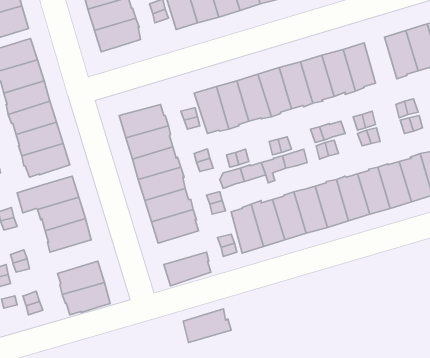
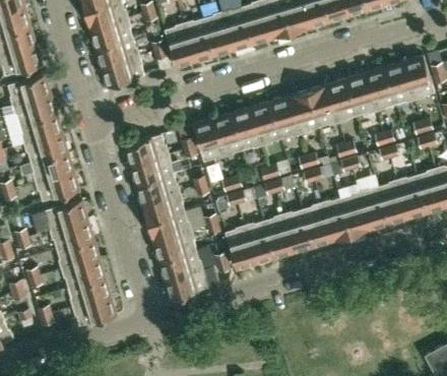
building: none -> [346,73,376,115]
building: none -> [61,257,105,288]
building: [183,309,231,342] -> [159,249,203,279]

